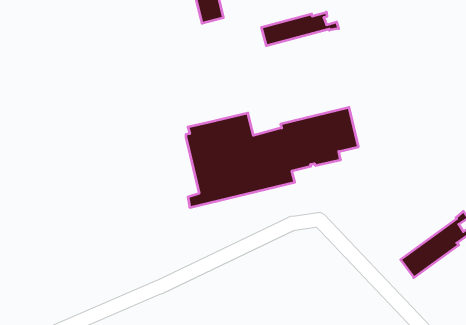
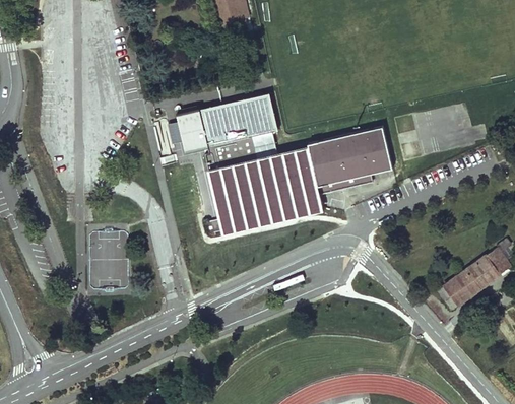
building: [262,12,339,46] -> none
building: none -> [175,94,277,152]

